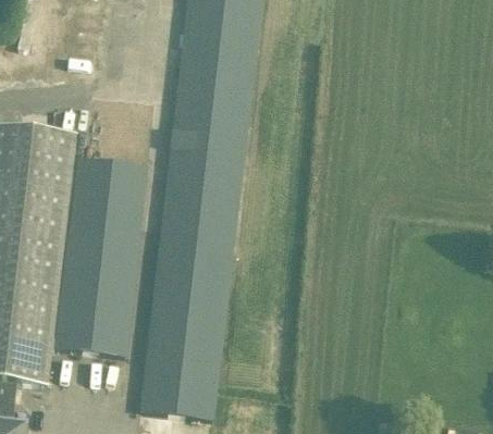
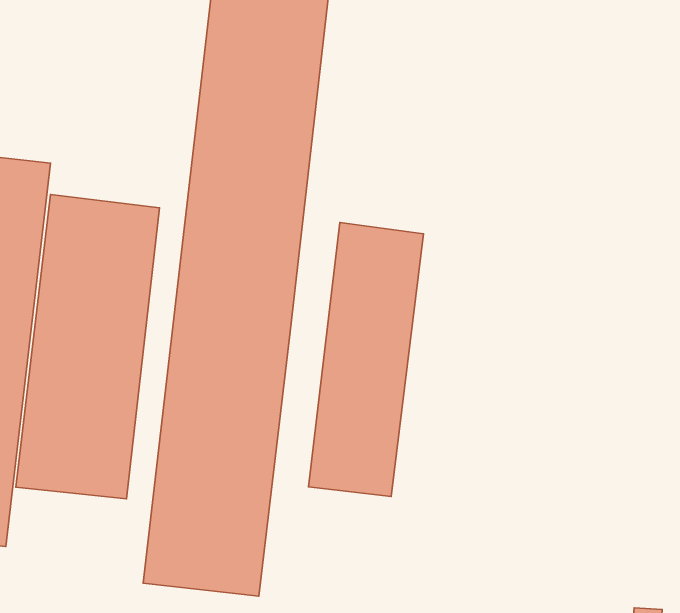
building: none -> [309,222,423,496]

